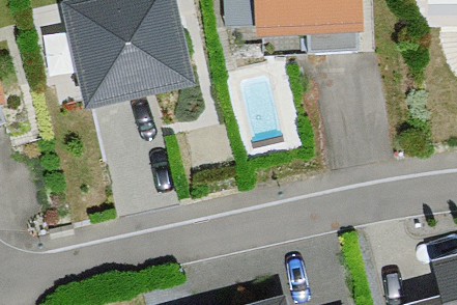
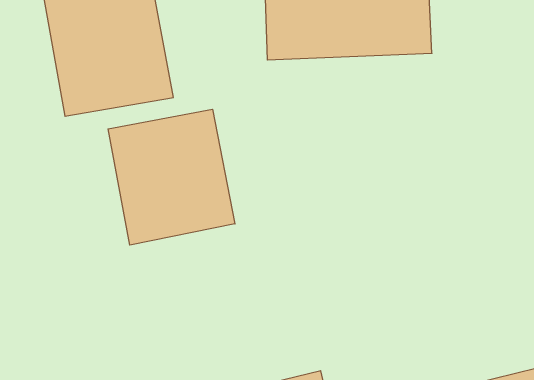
building: none -> [108,109,235,245]

